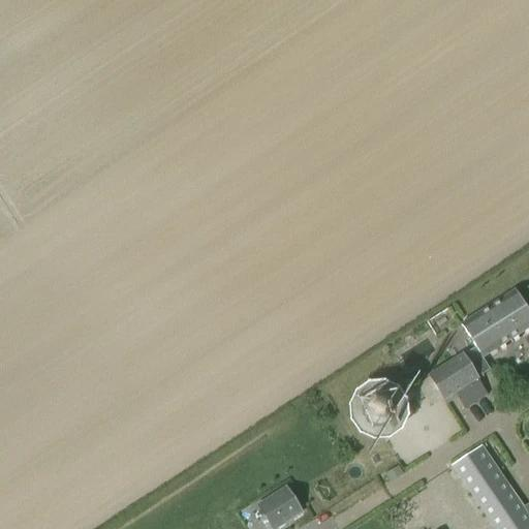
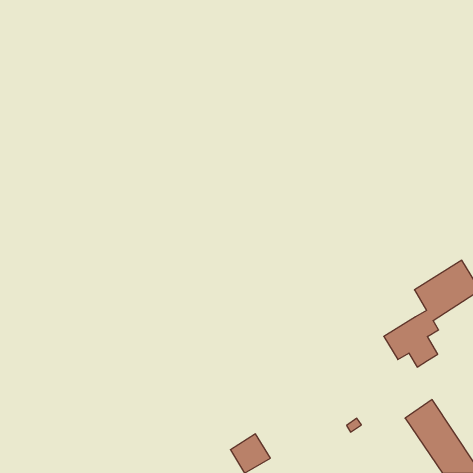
building: [350,380,409,440] -> none

